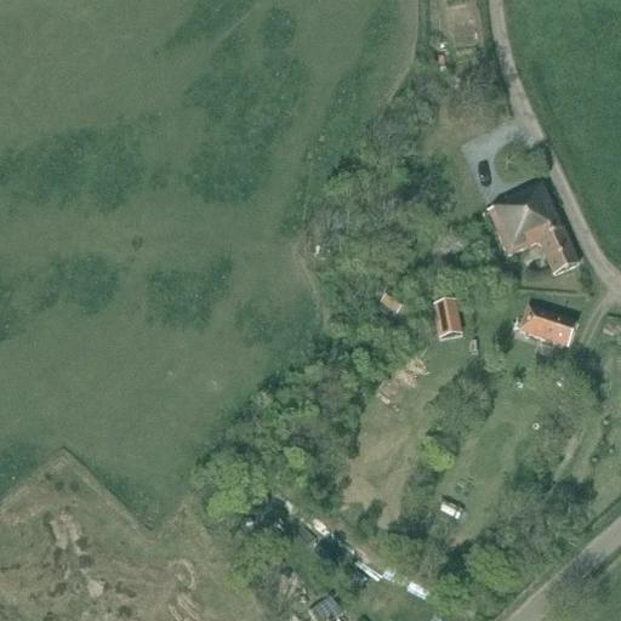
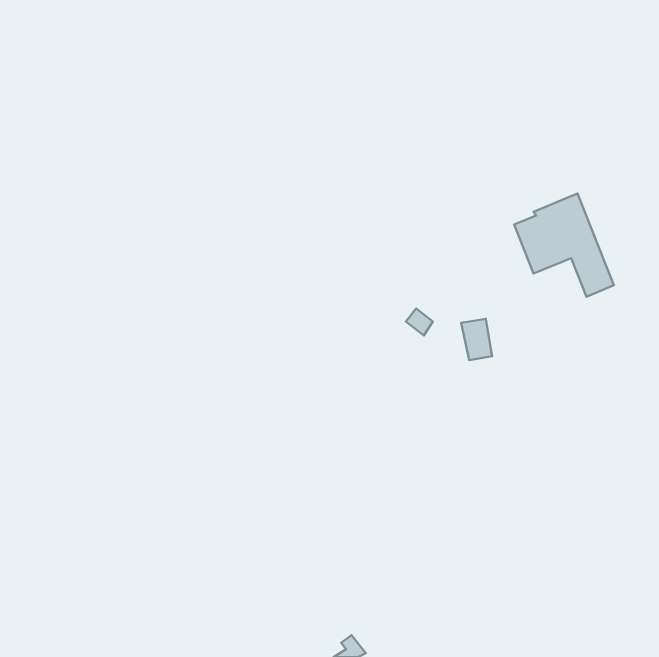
building: [520,306,577,347] -> none

